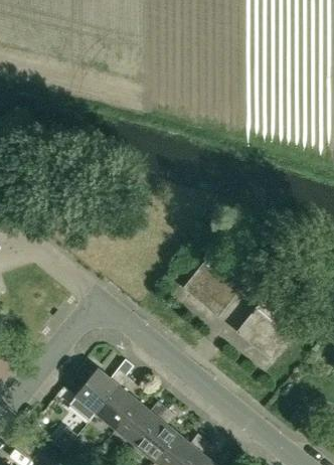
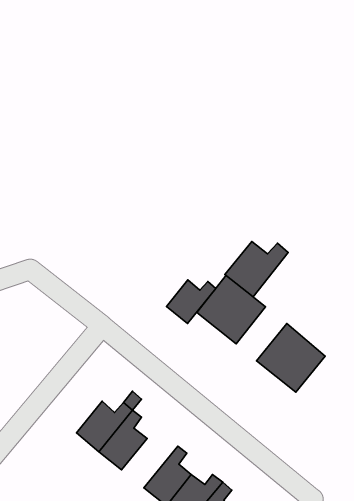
building: none -> [225,242,288,297]
building: none -> [167,280,216,324]
building: [116,402,166,446] -> none

